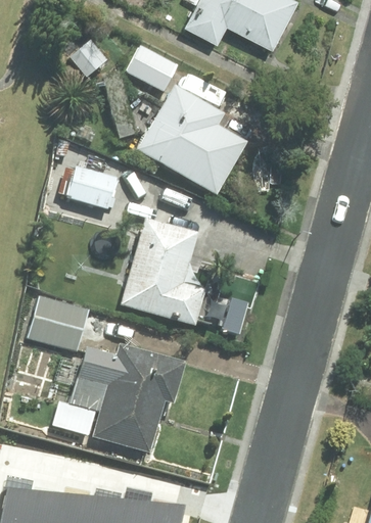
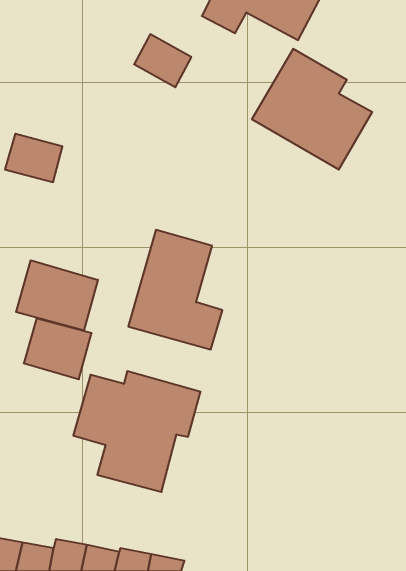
building: [139,86,246,193] -> [252,49,372,170]
building: [66,167,118,209] -> [5,134,62,182]
building: none -> [16,260,98,330]

